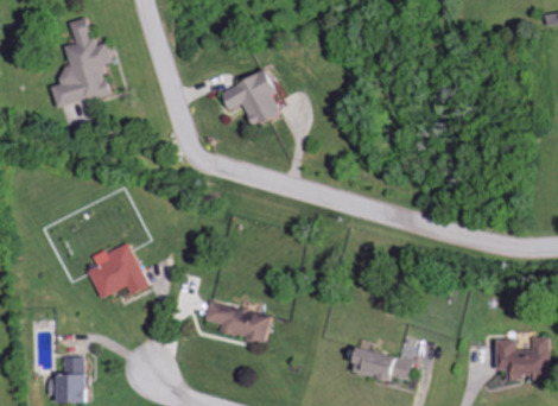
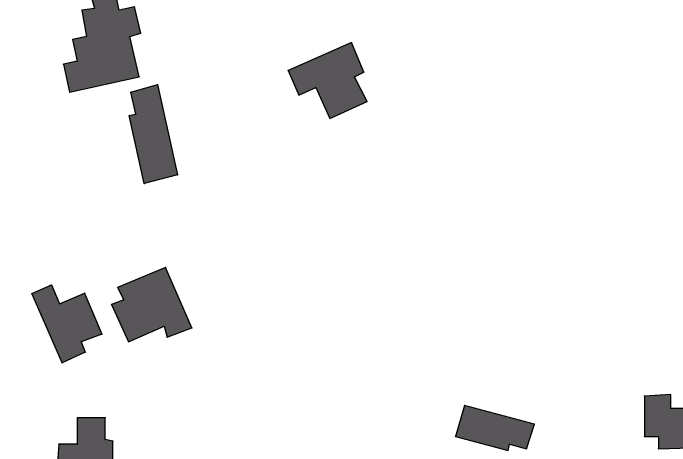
building: none -> [129,85,178,184]
building: none -> [32,285,102,363]
building: [204,300,273,342] -> none

